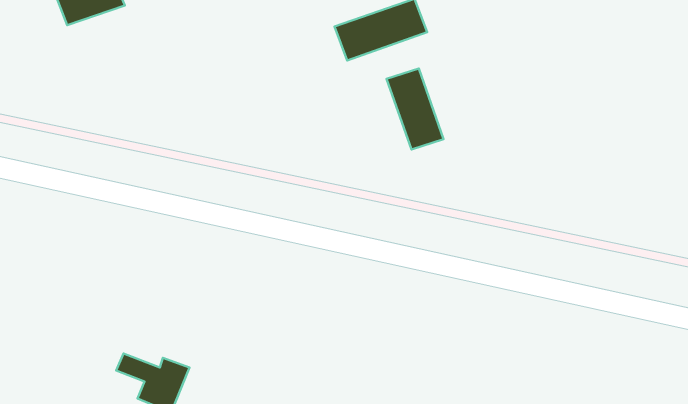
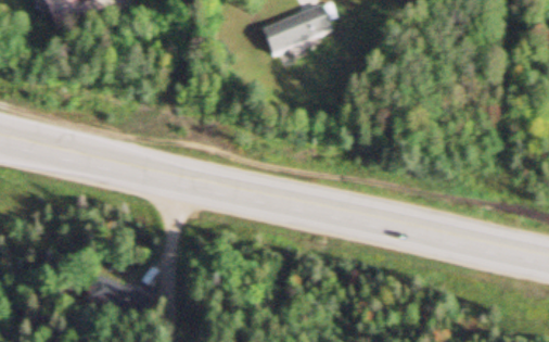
building: [387,68,444,150] -> none

